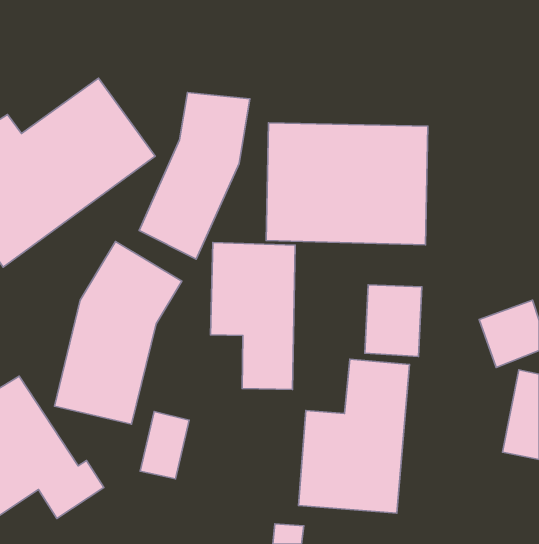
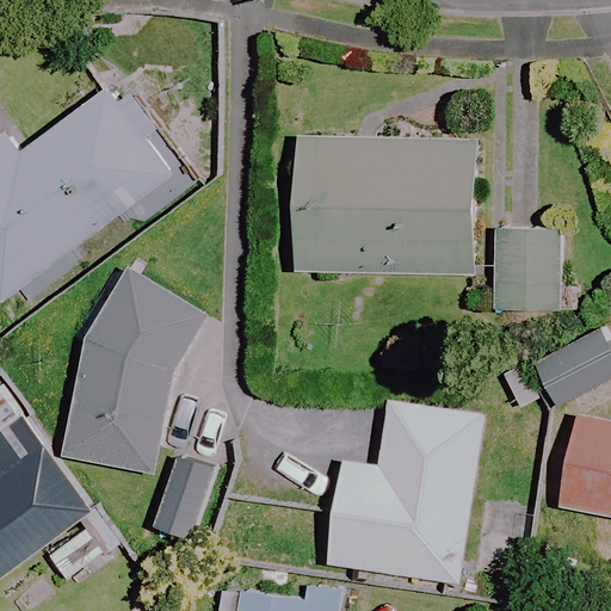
building: [139,93,250,259] -> none
building: [210,243,295,389] -> none
building: [365,285,422,356] -> [494,228,557,308]

